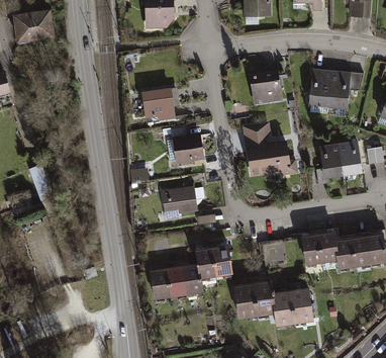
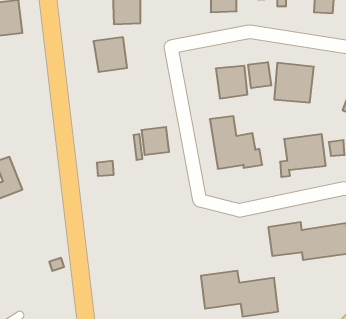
building: none -> [248,62,271,88]
building: [141,87,176,122] -> [93,37,127,72]
building: [162,185,197,219] -> none
building: [151,245,234,299] -> none

